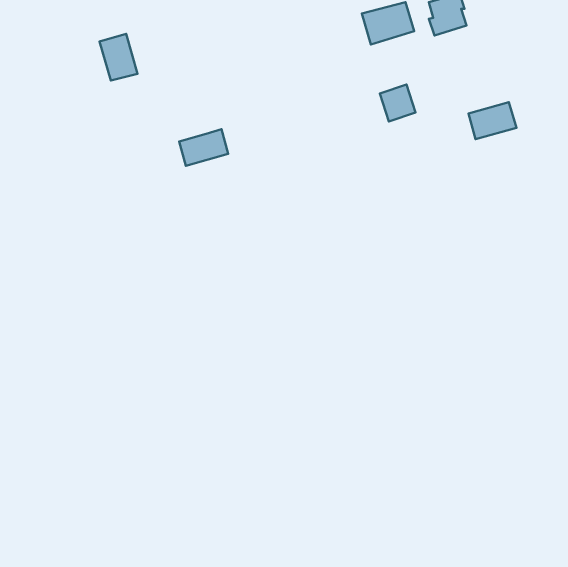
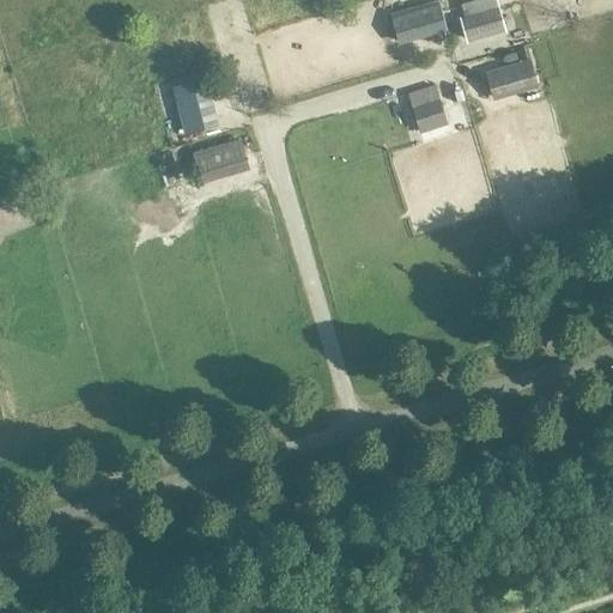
building: [100,34,137,81] -> [174,80,214,131]
building: [469,102,517,139] -> [485,60,536,99]

